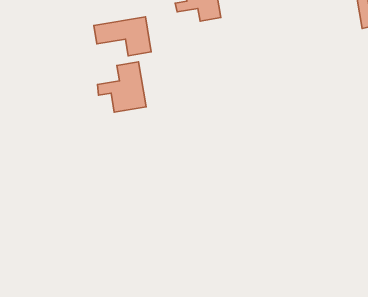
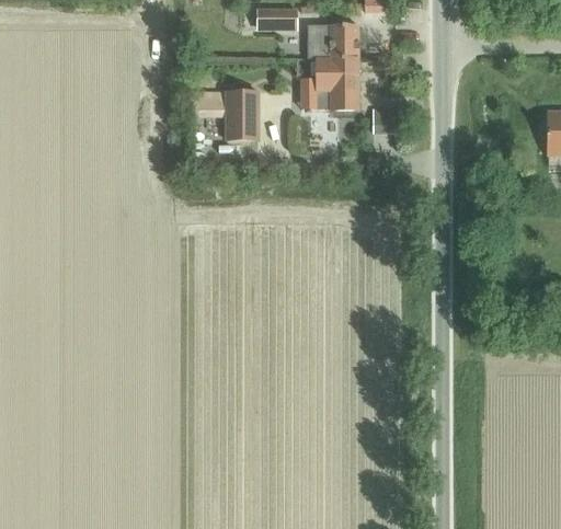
building: [98,62,146,112] -> none

